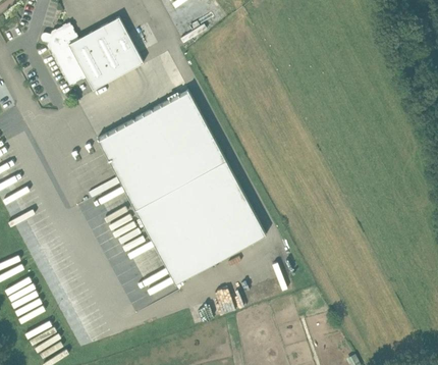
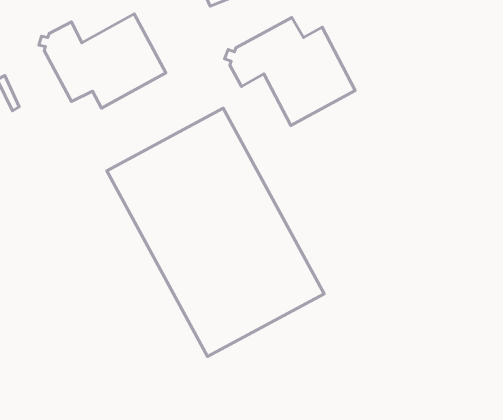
building: none -> [225,18,355,125]

